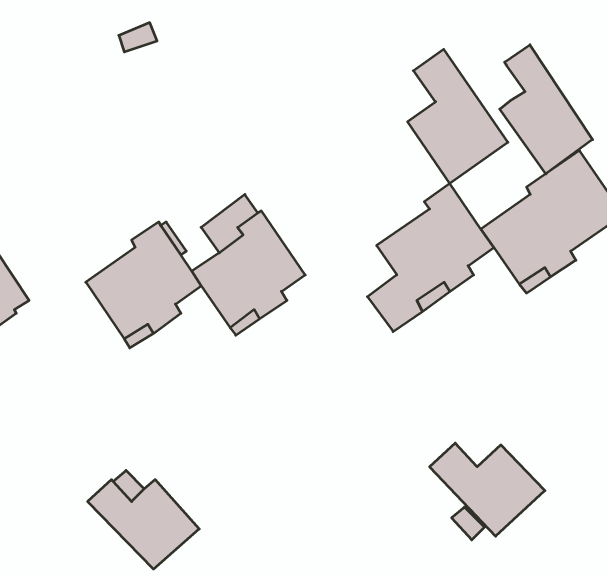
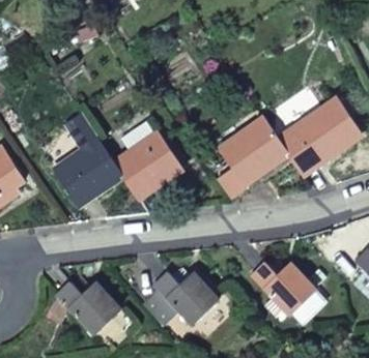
building: [500,45,593,174] -> none
building: [408,49,508,183] -> none
building: none -> [143,270,219,324]

